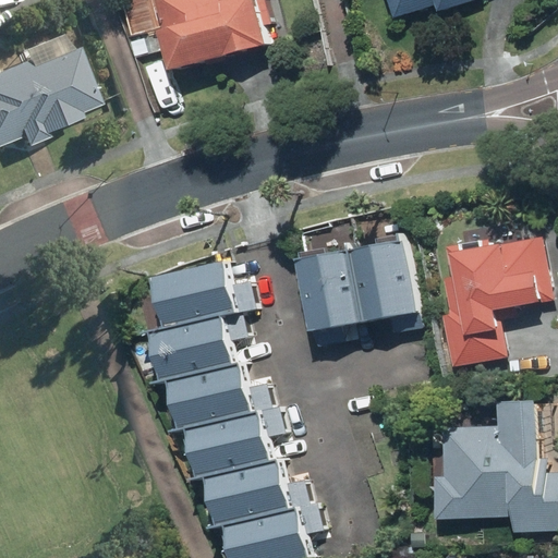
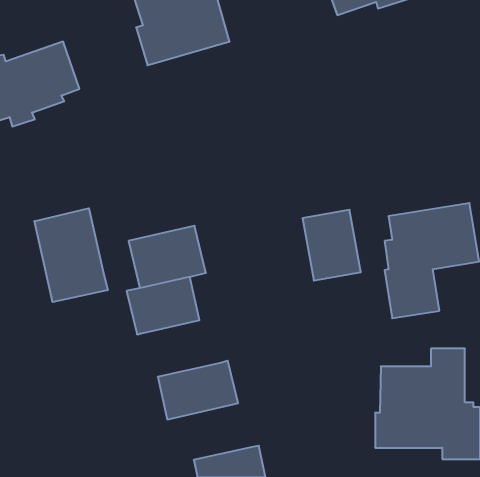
building: none -> [34,208,108,302]
building: [296,252,362,333] -> none
building: [162,366,255,436] -> none
building: [198,463,292,534] -> none

